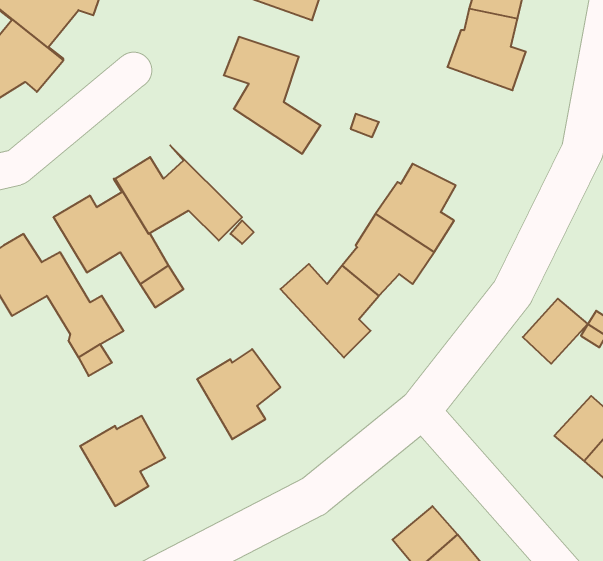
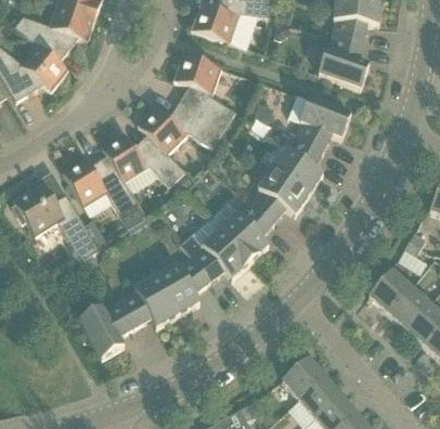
building: none -> [287,93,351,150]
building: none -> [138,100,223,170]
building: none -> [181,217,250,281]
building: [523,299,588,364] -> [368,270,411,312]
building: none -> [119,275,178,326]

